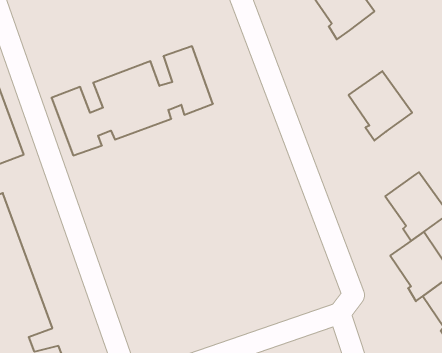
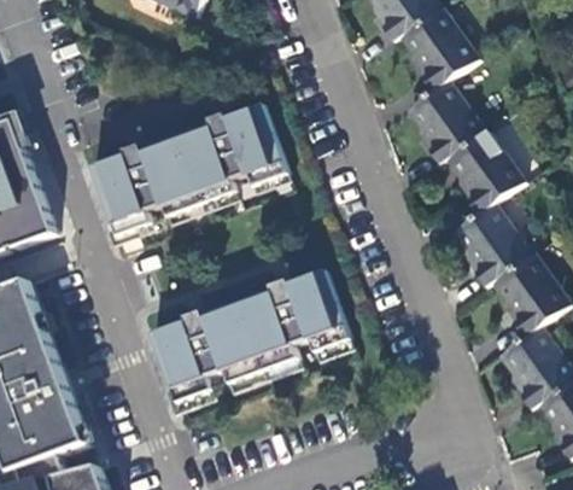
building: none -> [408,81,485,164]
building: none -> [454,204,530,287]
building: none -> [146,266,345,399]

